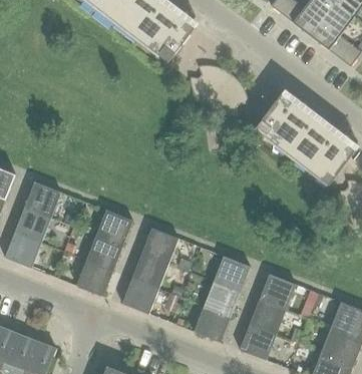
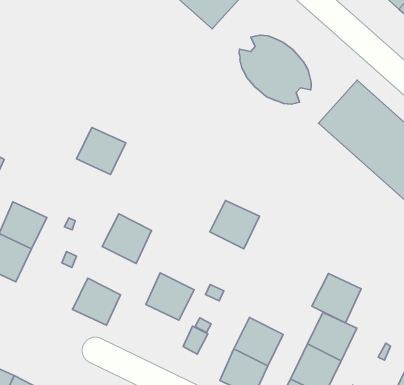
building: [24,180,61,216] -> [76,127,126,174]
building: [141,227,178,263] -> [210,201,259,249]
building: [86,235,122,271] -> none
building: [213,255,250,292] -> [312,273,361,323]
building: [121,277,158,313] -> none

